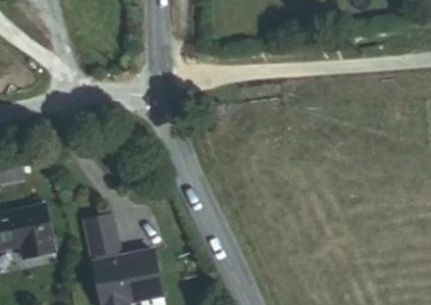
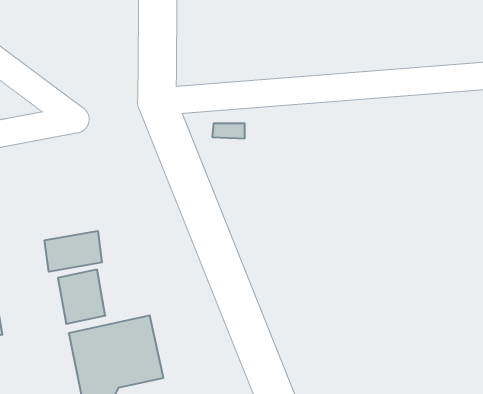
building: none -> [45,231,102,272]

